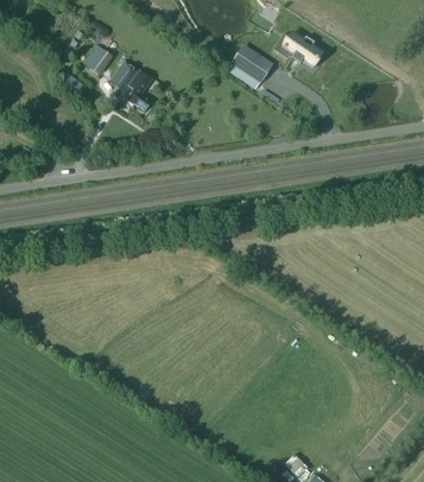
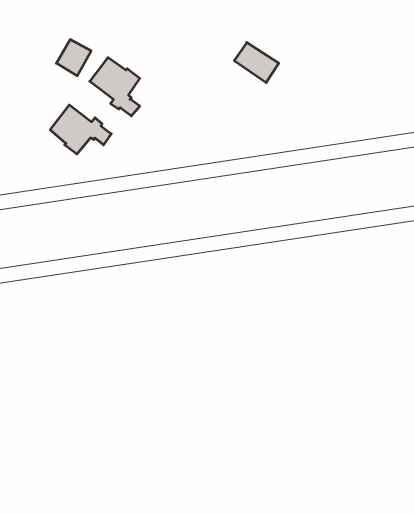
building: [284,32,323,68] -> none
building: none -> [50,105,111,154]

